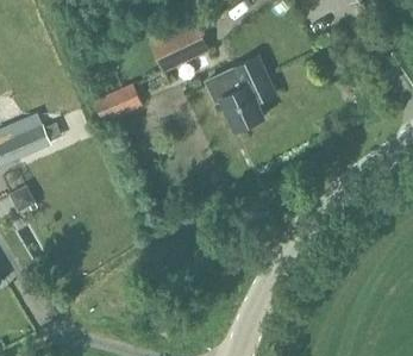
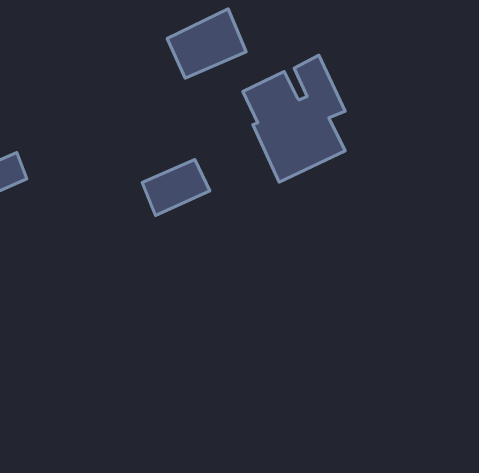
building: [93,82,142,123] -> [142,159,210,216]

